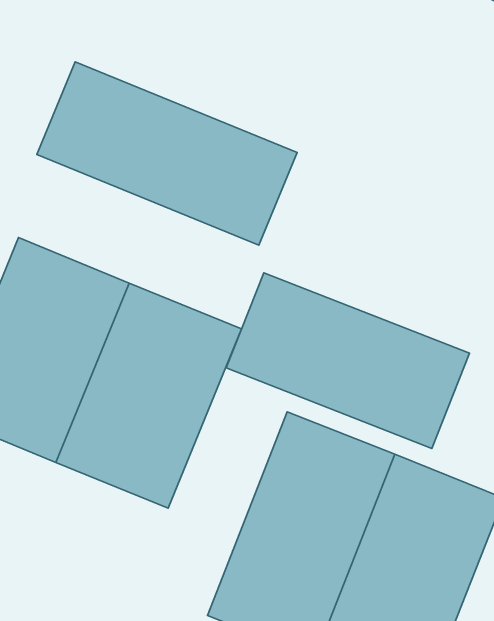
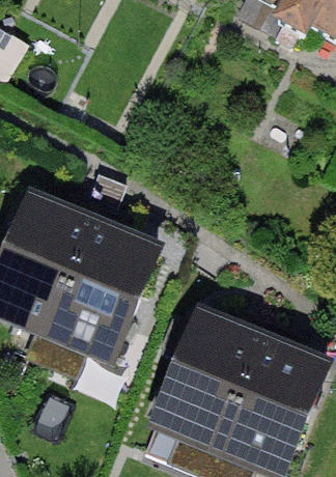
building: [37,62,297,245] -> none
building: [226,273,470,449] -> none

